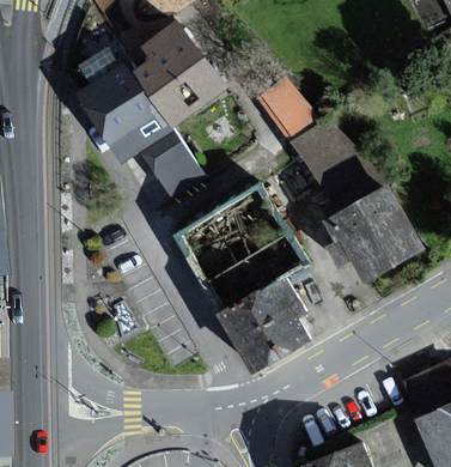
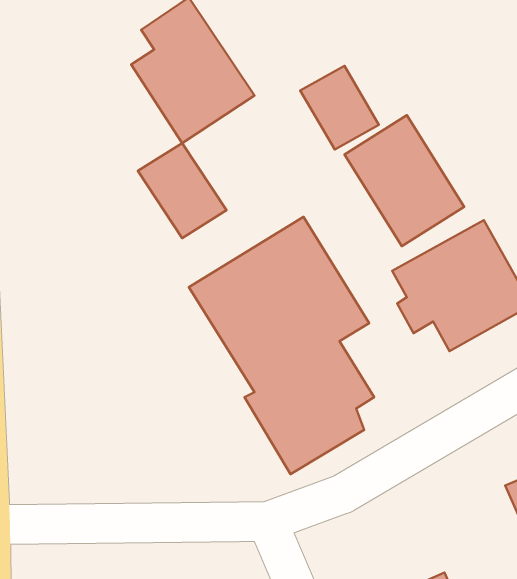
building: [71,59,169,162] -> none

